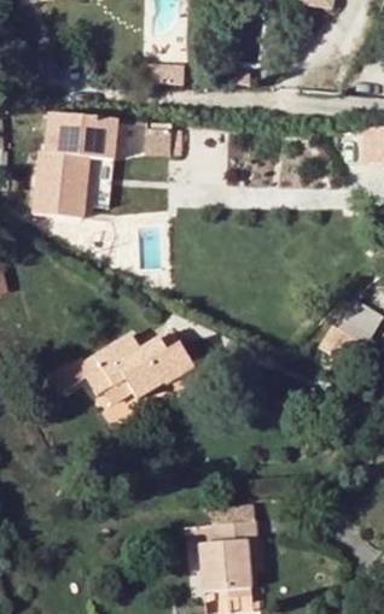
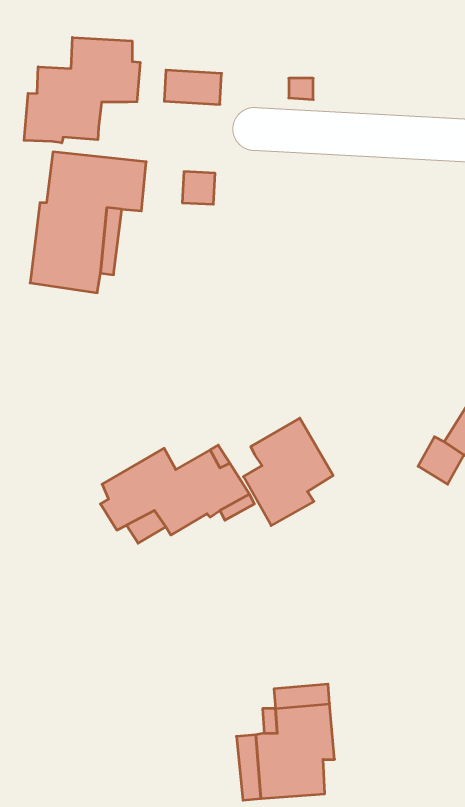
building: none -> [24,37,140,143]
building: none -> [243,418,333,526]

